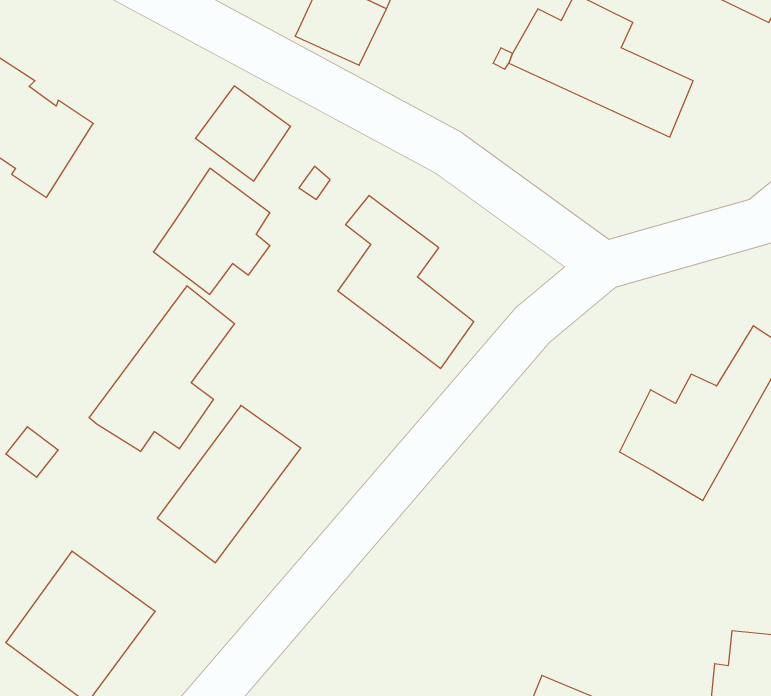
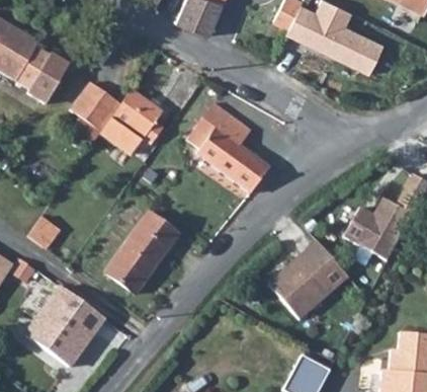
building: [195,86,291,181] -> [70,83,119,133]
building: [89,286,235,452] -> none
building: none -> [265,240,348,321]

